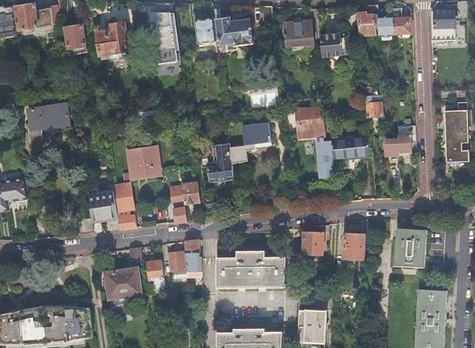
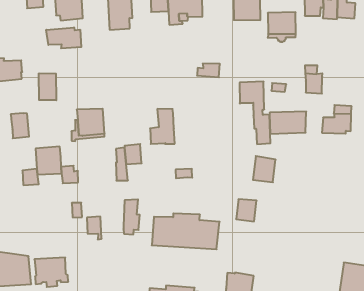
building: none -> [46,27,81,48]
building: none -> [39,73,56,100]
building: [229,123,270,163] -> none
building: [112,184,133,211] -> [11,113,29,138]
building: [395,229,427,267] -> none
building: [344,233,366,259] -> [253,156,276,182]
building: [167,251,187,279] -> none
building: [106,269,143,301] -> [34,258,68,287]

